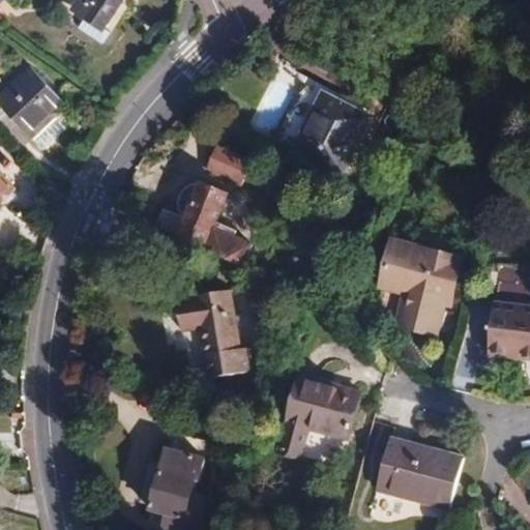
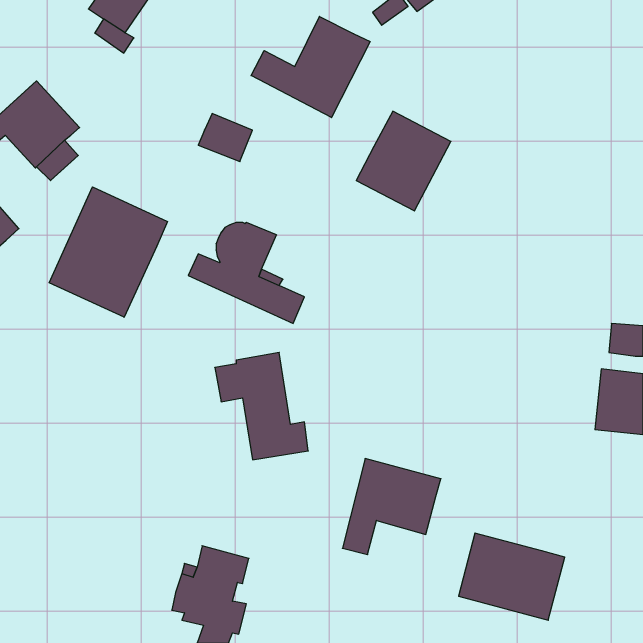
building: none -> [251,16,370,118]
building: [206,145,251,184] -> [198,114,252,162]
building: none -> [49,187,168,317]
building: [382,244,460,327] -> none

